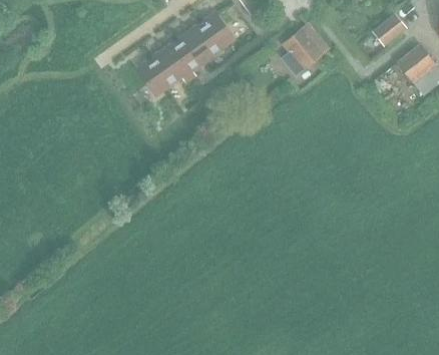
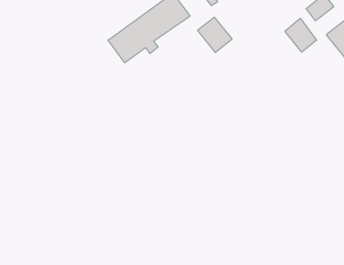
building: [280,27,321,69] -> [198,17,232,52]
building: none -> [285,18,317,52]

